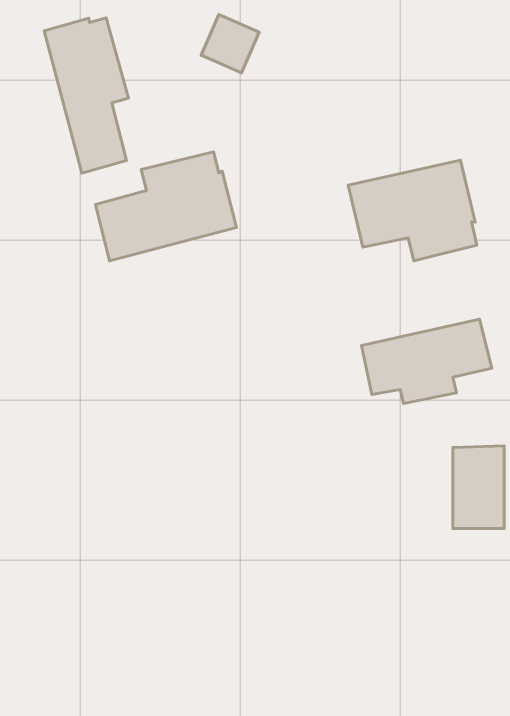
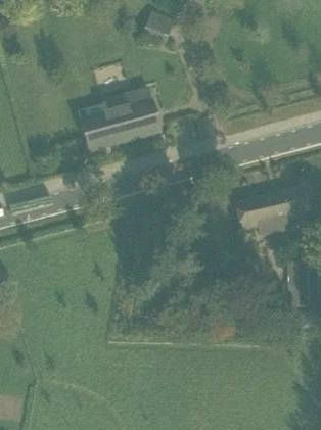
building: [44,18,129,173] -> none
building: [348,160,477,261] -> none

